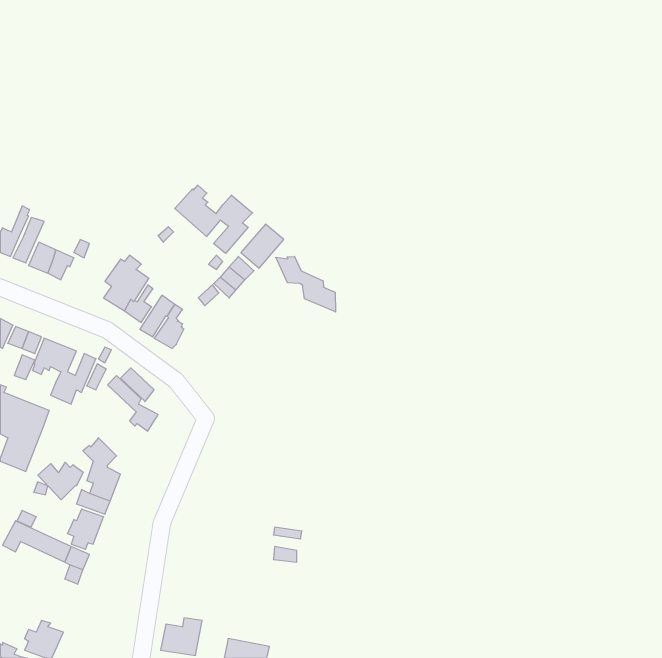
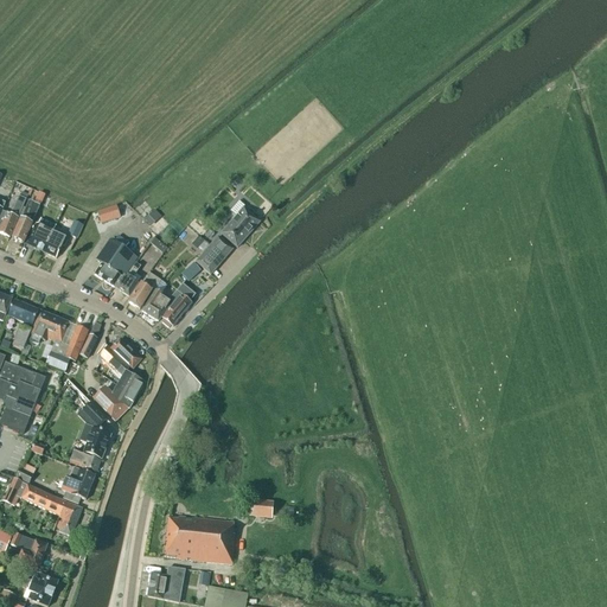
building: [175,185,253,253] -> none
building: [276,256,336,312] -> none
building: none -> [161,288,194,326]
building: [38,462,83,500] -> [94,385,135,420]
building: none -> [165,513,235,563]
building: none -> [7,531,47,567]

